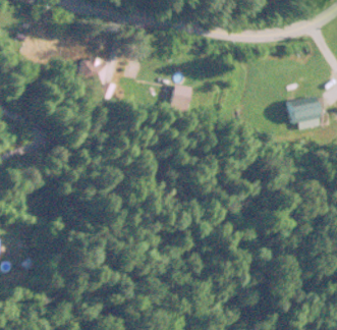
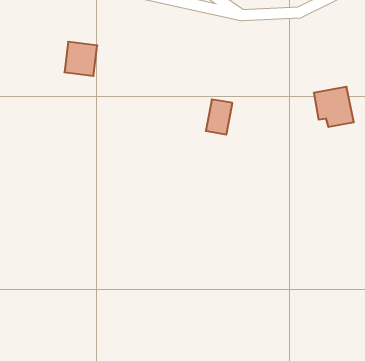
building: [170,84,192,113] -> [206,99,232,135]

